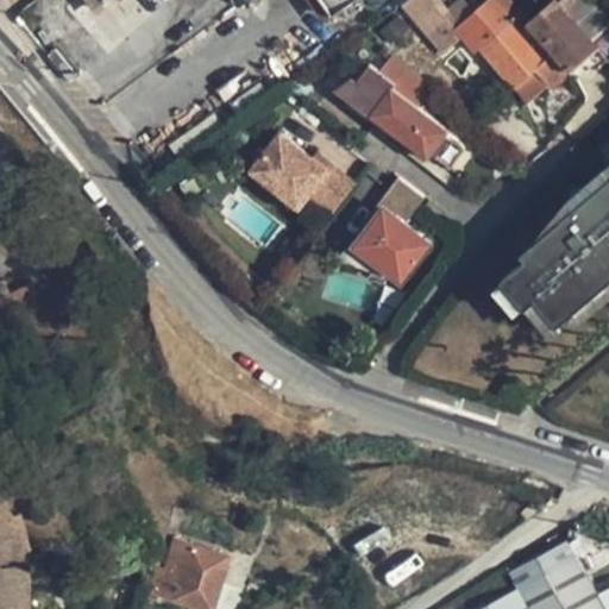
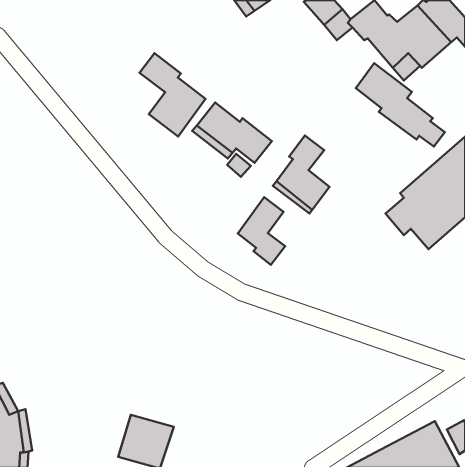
building: [346,61,462,169] -> [356,63,445,147]
building: none -> [139,53,205,137]
building: none -> [238,197,285,265]

